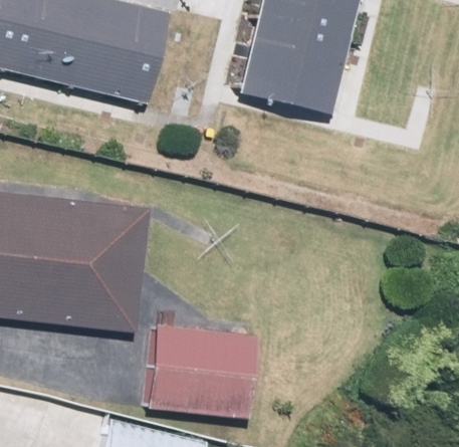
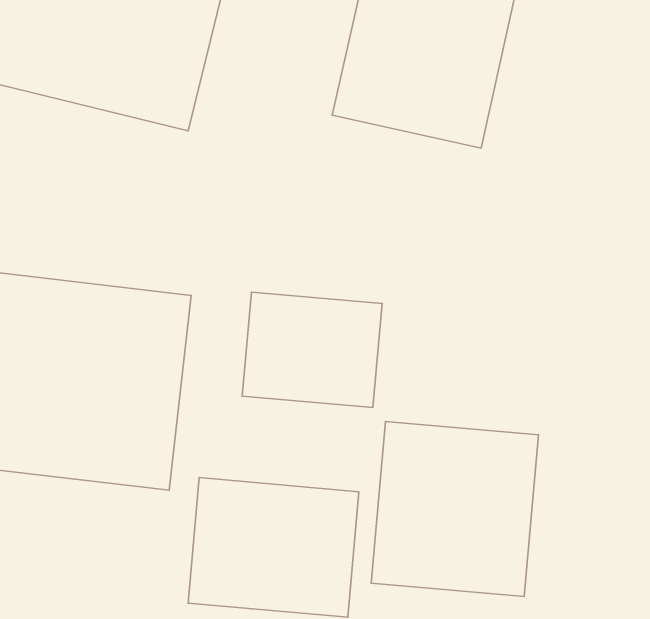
building: none -> [242,292,382,408]
building: none -> [371,421,538,597]

